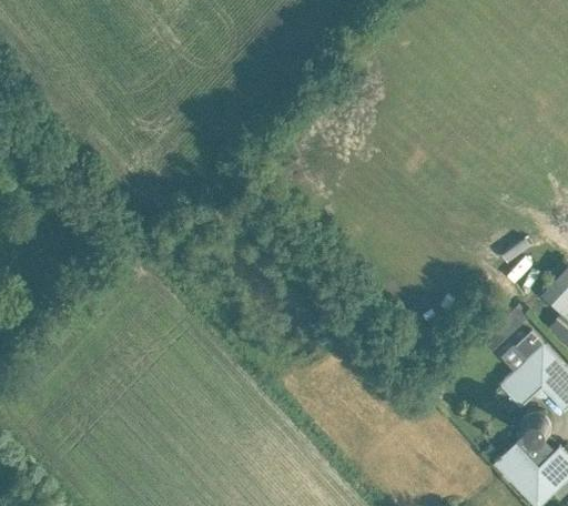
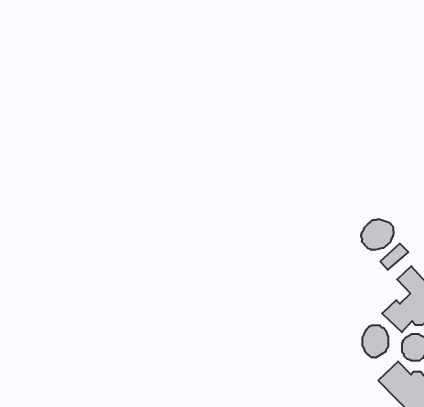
building: none -> [361,219,394,250]
building: none -> [363,325,388,358]

